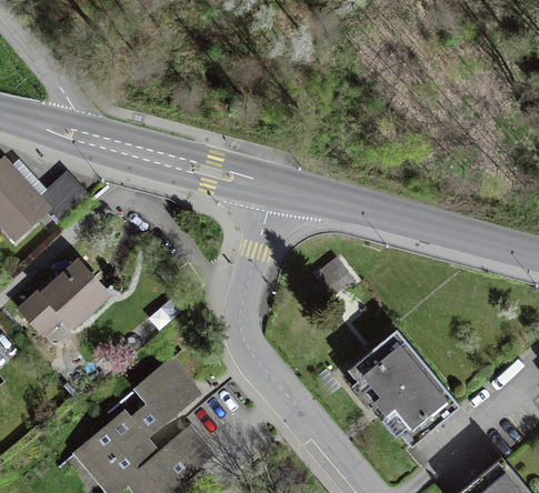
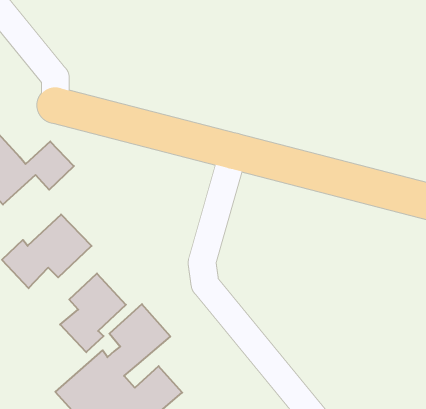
building: none -> [60,273,126,352]
building: [353,334,461,445] -> none

